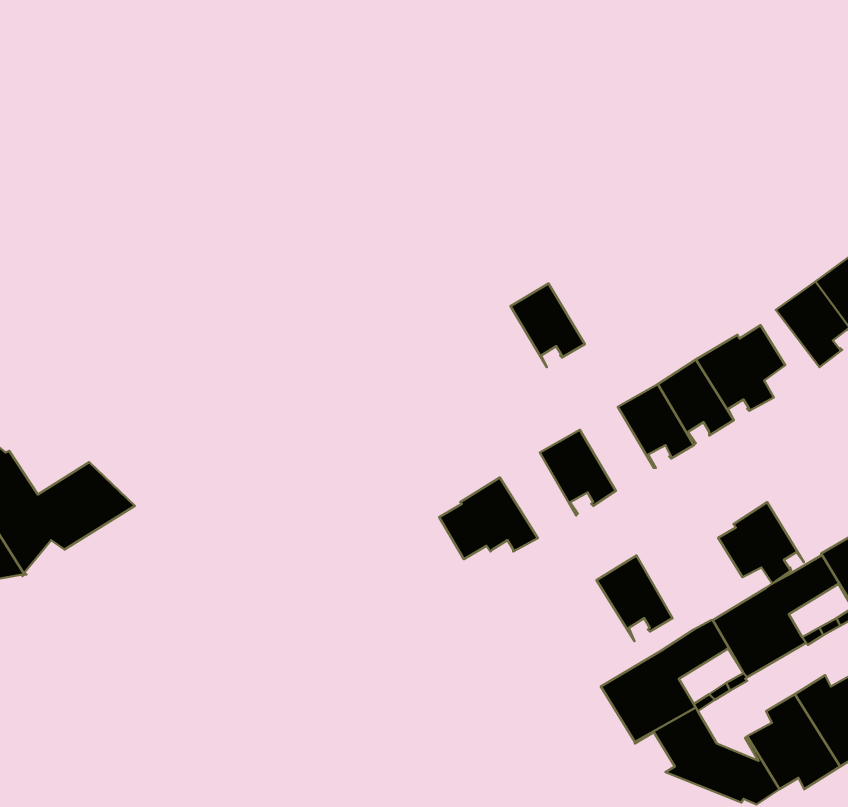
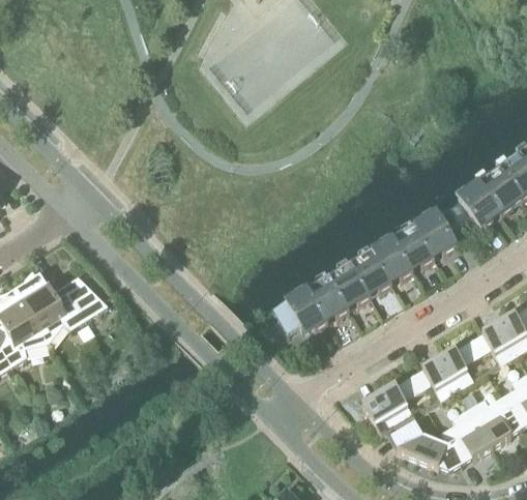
building: [511,283,585,367] -> [351,251,391,296]
building: [718,502,804,584] -> none
building: [596,555,673,641] -> [308,275,349,322]

